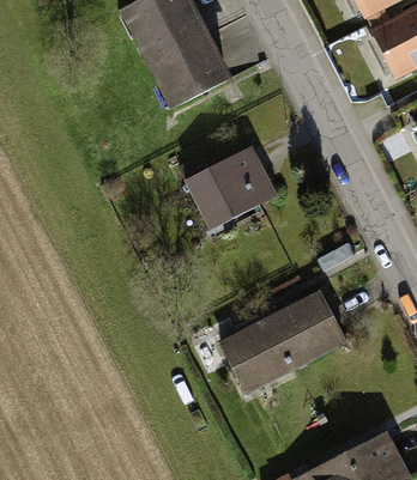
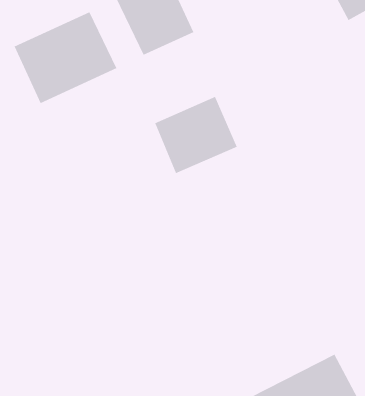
building: none -> [14,11,117,104]
building: [226,288,349,395] -> none

